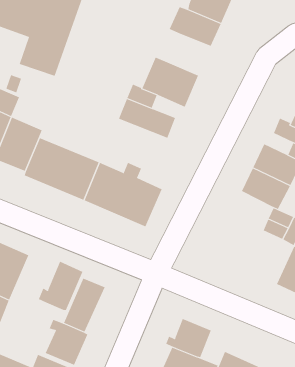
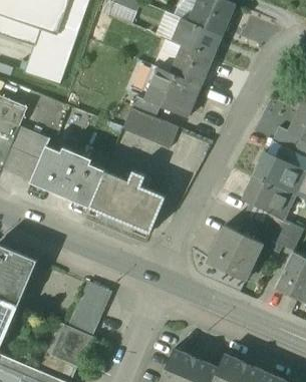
building: none -> [170,46,212,86]
building: none -> [208,227,262,279]
building: [38,261,83,311] -> none
building: [166,318,212,358] -> none

